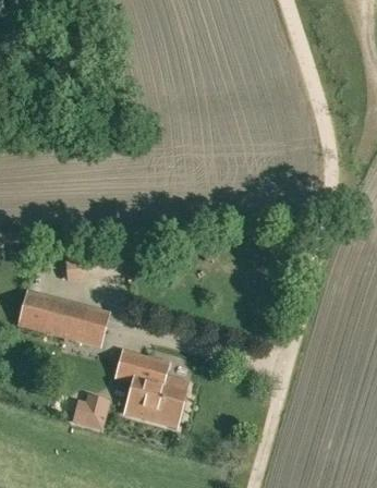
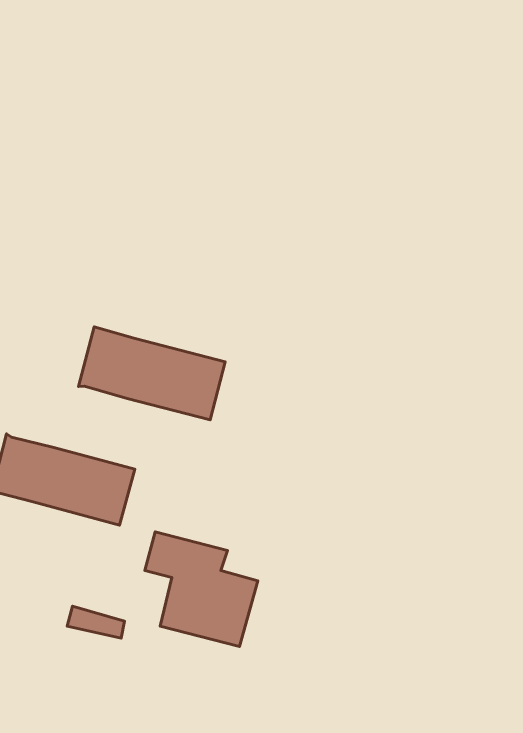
building: none -> [78,327,225,420]

